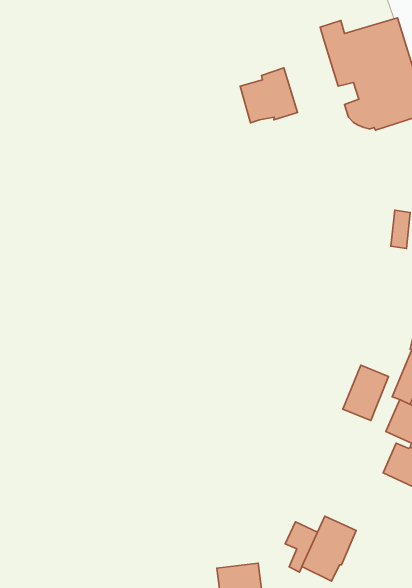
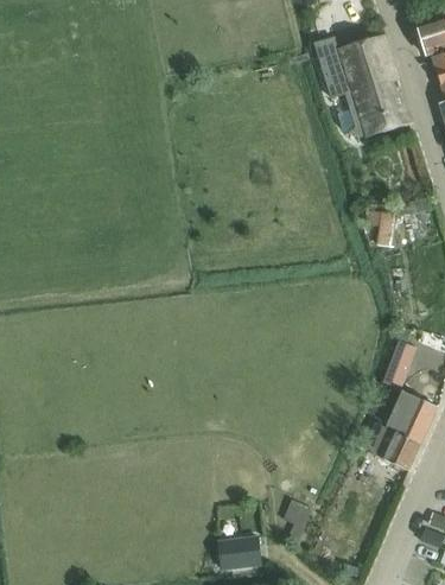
building: [240,68,297,123] -> none
building: [343,365,389,420] -> none
building: [302,516,356,581] -> none

